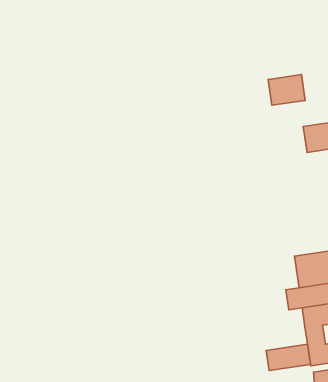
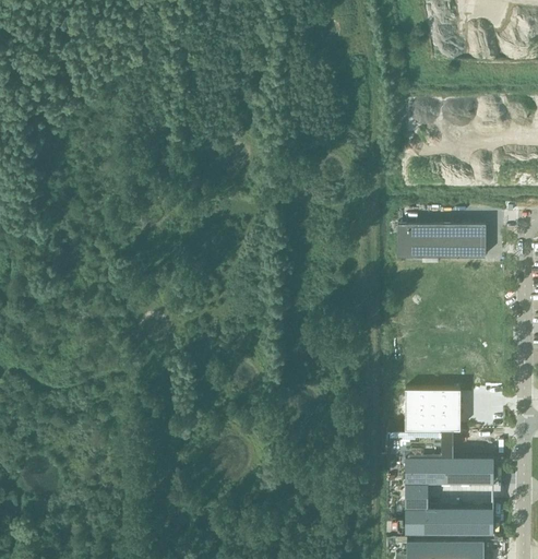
building: [268,75,305,105] -> [397,225,441,259]
building: [266,344,311,371] -> none

